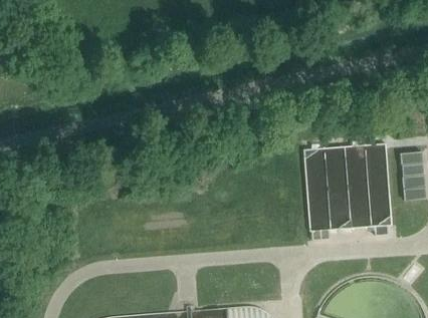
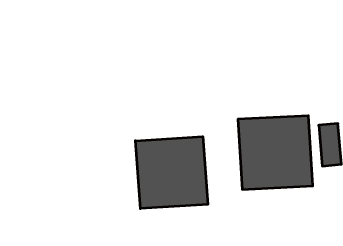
building: none -> [135,137,208,209]

